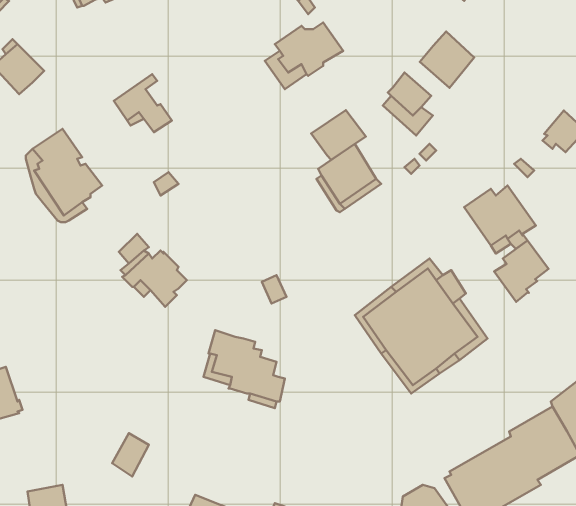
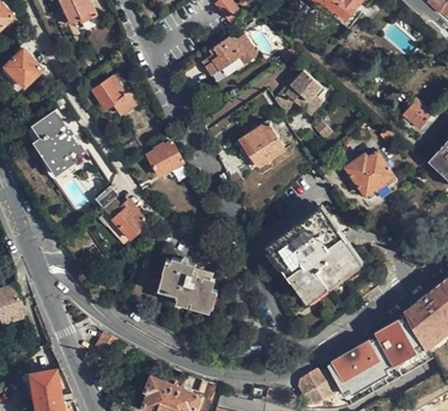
building: [420,31,474,88] -> none
building: [311,110,366,160] -> none
building: none -> [147,143,182,176]
building: [494,240,549,302] -> none

